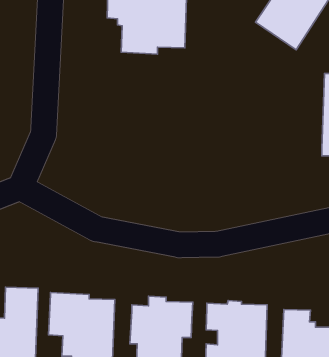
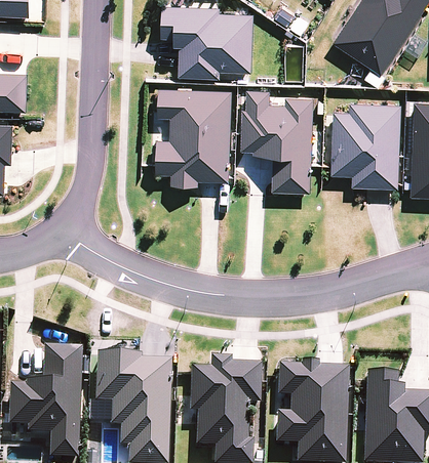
building: none -> [156,88,232,186]
building: none -> [241,90,313,193]
building: none -> [330,102,401,188]

